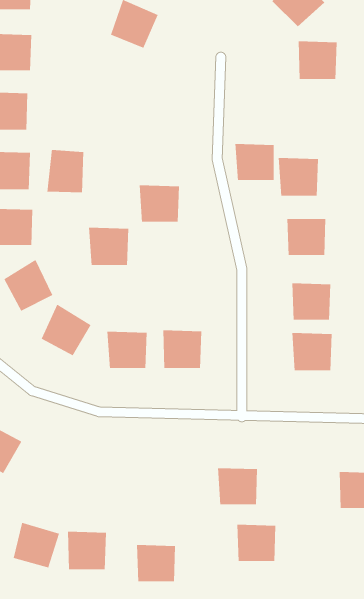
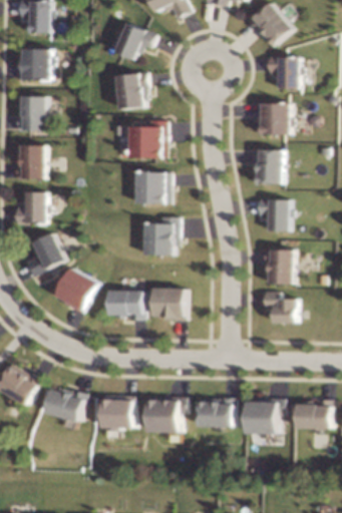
building: none -> [111,73,147,107]
building: none -> [130,126,162,156]
building: [235,143,274,181] -> [251,102,283,132]
building: [47,149,84,193] -> none
building: [88,227,129,266] -> [143,222,177,253]
building: [13,522,60,568] -> [47,387,85,424]
building: [237,524,276,562] -> [246,403,278,433]
building: [67,531,107,570] -> [99,398,131,429]
building: [136,545,176,582] -> [147,400,180,430]

